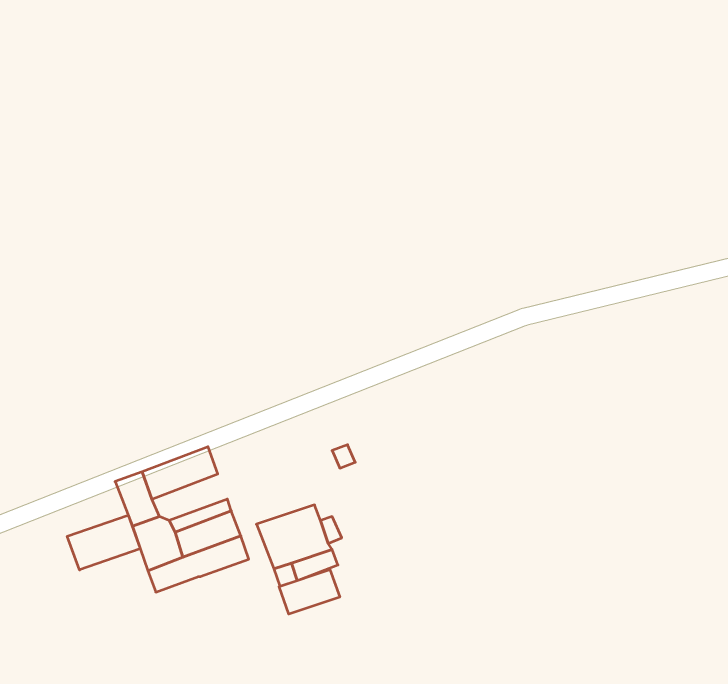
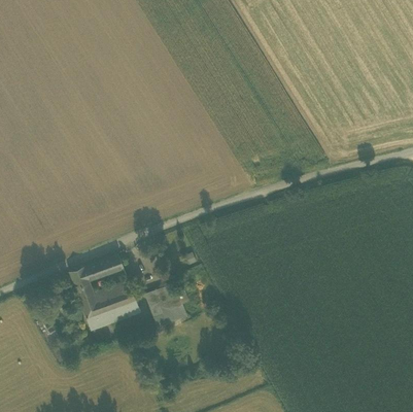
building: [67,515,140,570] -> none
building: [279,570,340,614] -> none

